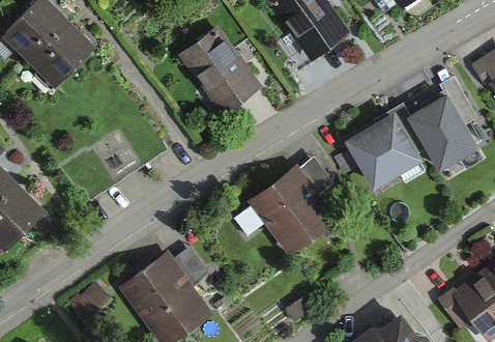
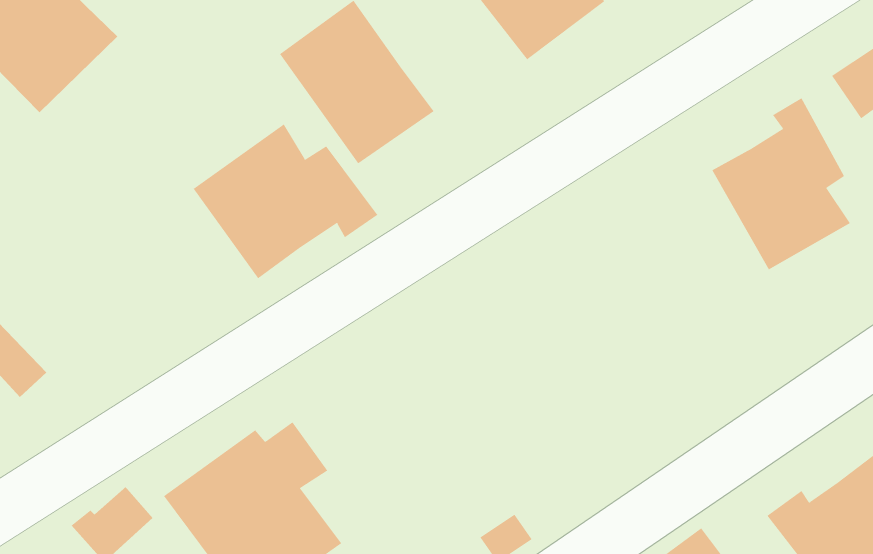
building: none -> [193,123,378,279]
building: [333,111,425,191] -> none
building: [245,158,331,255] -> none

